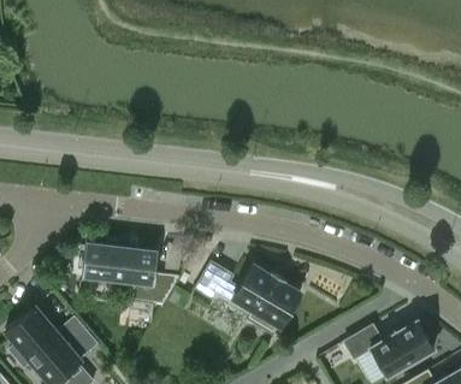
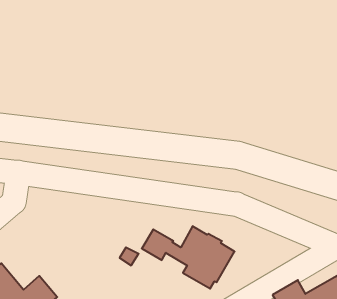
building: [81,241,178,305] -> none

